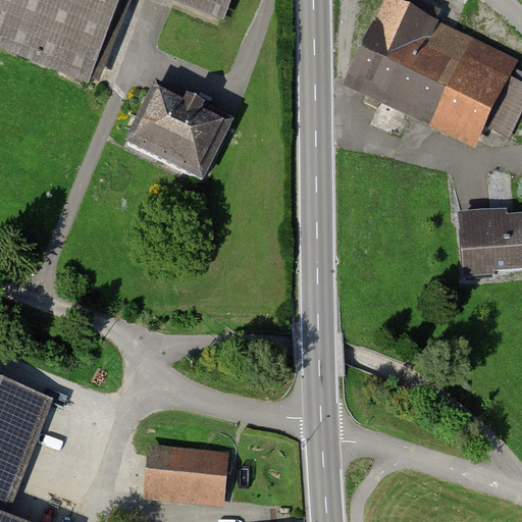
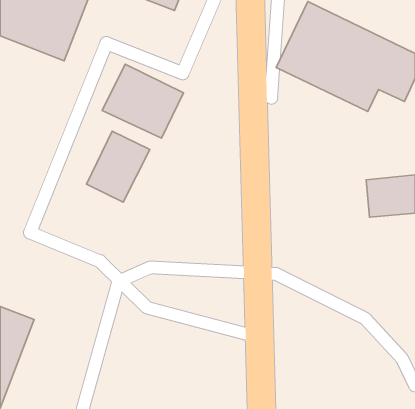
building: none -> [86,131,150,202]
building: [149,449,229,493] -> none

